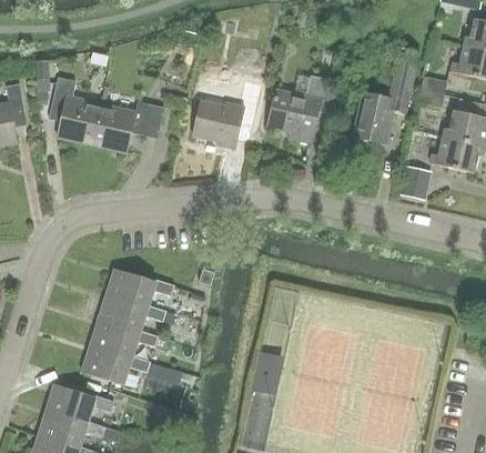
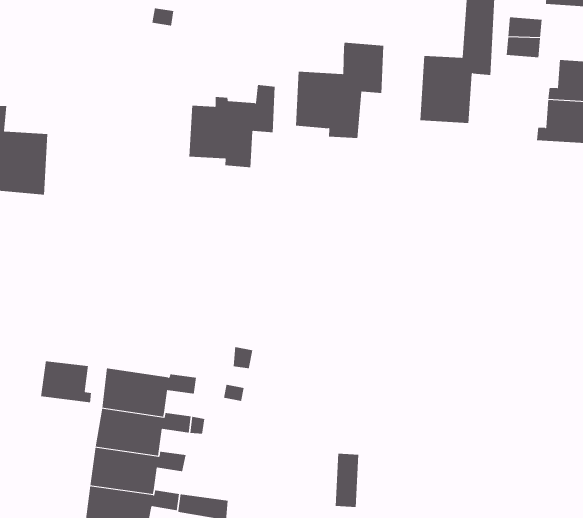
building: [91,101,149,152] -> none
building: [397,165,431,199] -> none
building: none -> [40,361,92,403]

